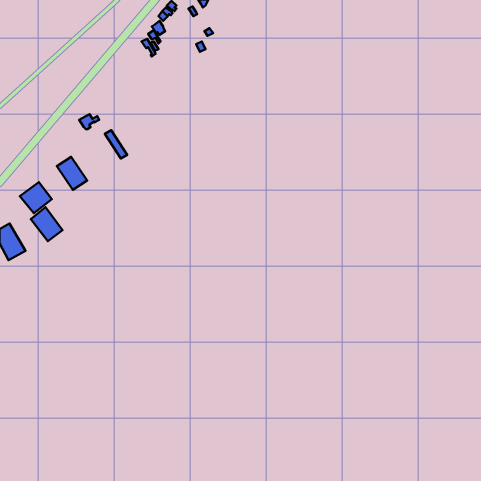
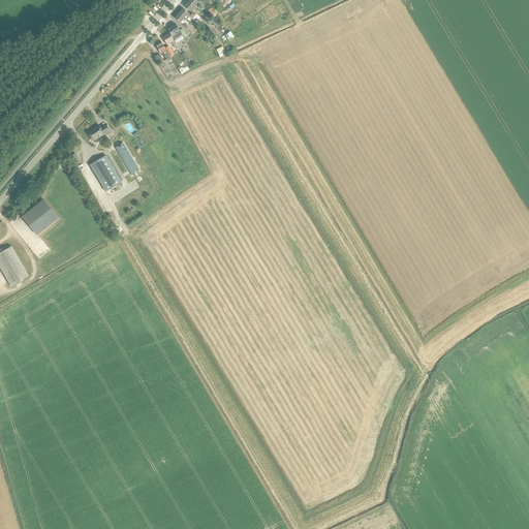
building: [57,157,87,190] -> [89,154,122,190]
building: [31,207,62,241] -> none

